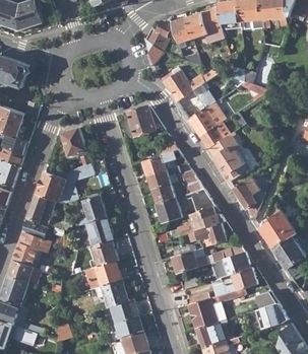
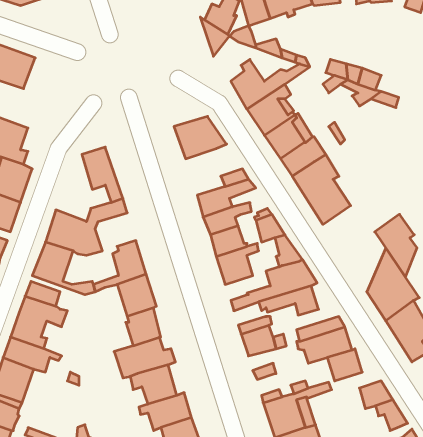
building: [233,176,262,220] -> [375,214,417,277]

